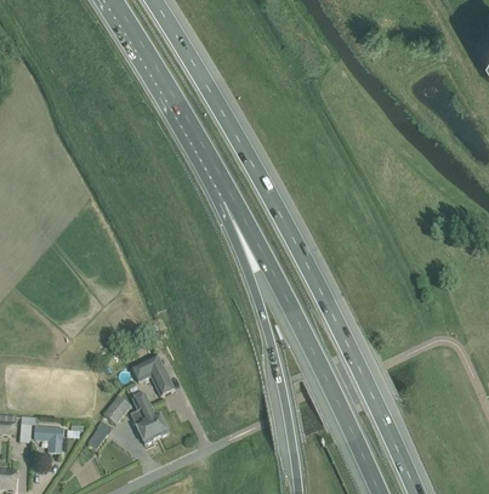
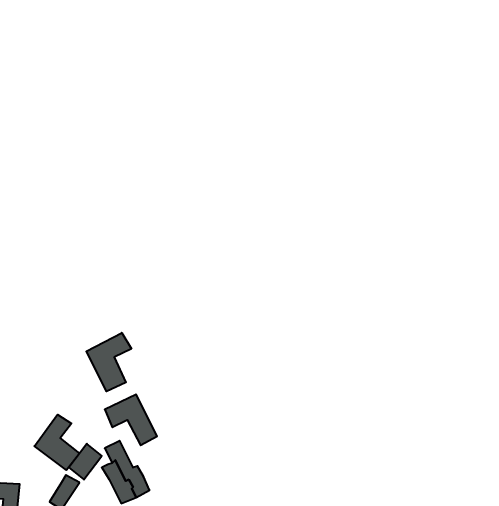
building: none -> [86,333,131,391]
building: none -> [34,415,79,470]

